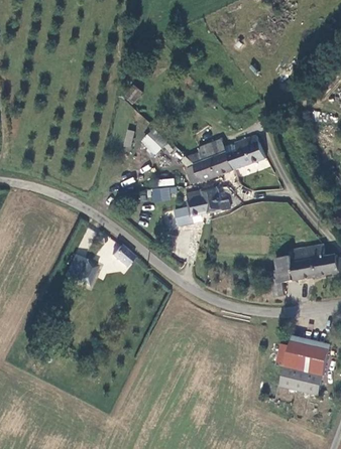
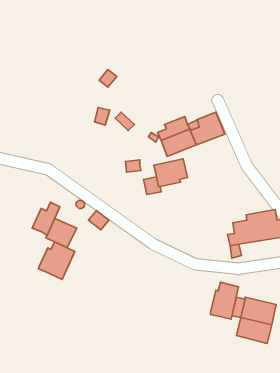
building: none -> [32,202,60,235]
building: none -> [39,242,75,280]
building: none -> [210,282,239,319]

